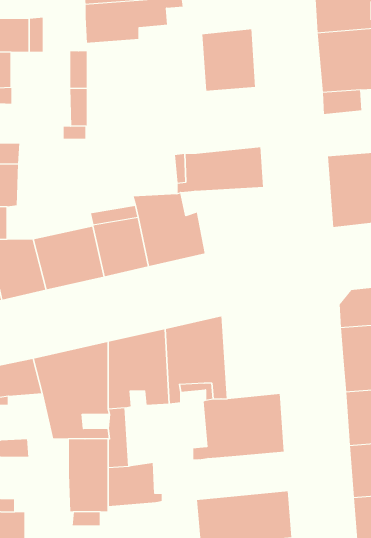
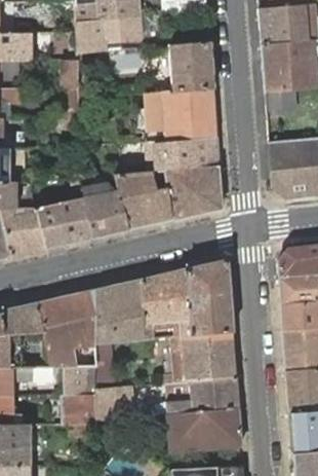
building: none -> [147,87,216,140]
building: none -> [164,167,223,219]
building: none -> [186,259,232,334]
building: none -> [164,376,238,414]

